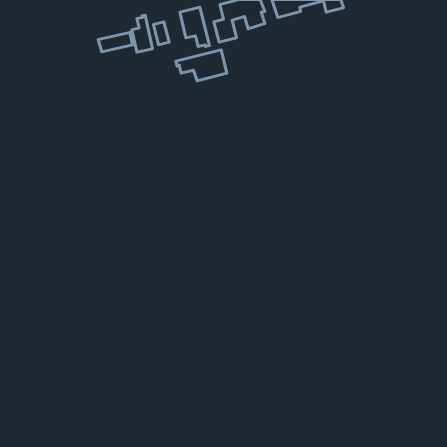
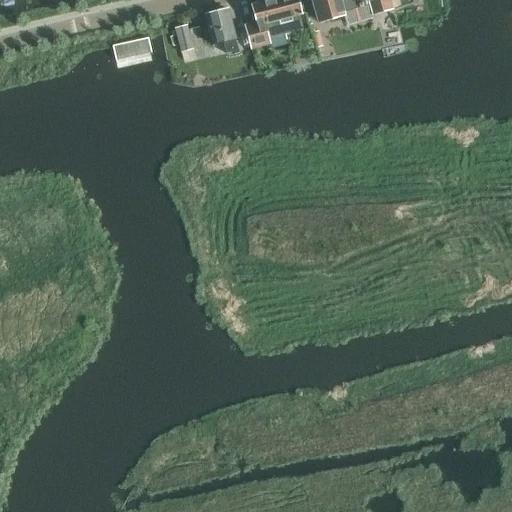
building: [132,15,153,52] -> none
building: [176,50,227,81] -> none

